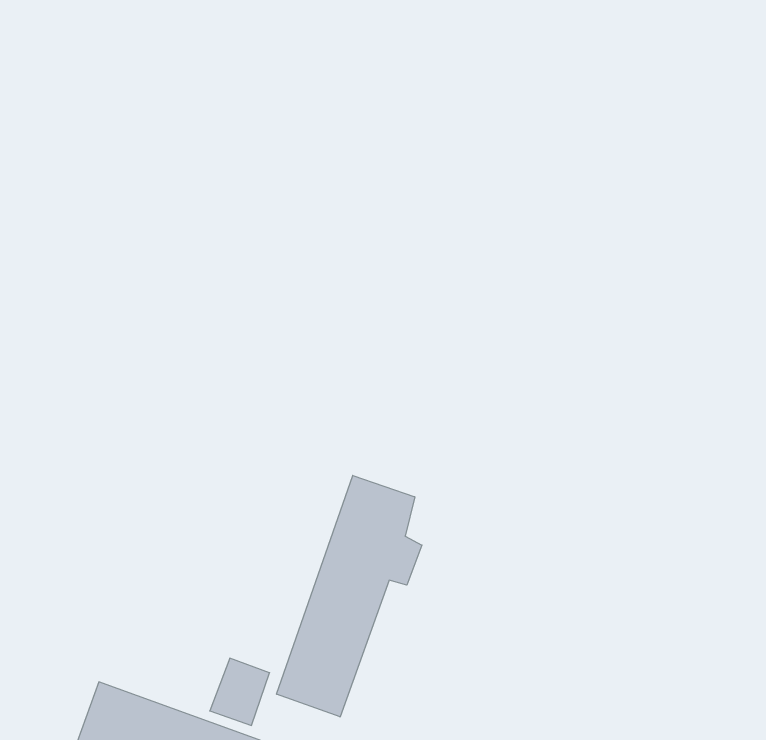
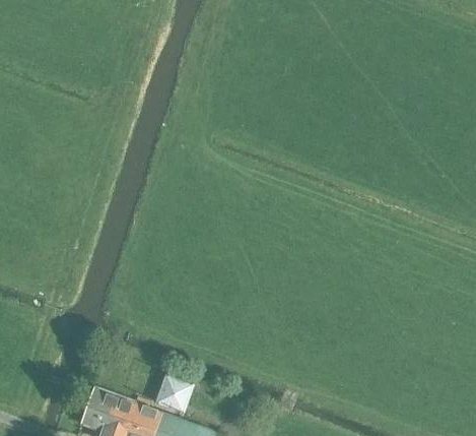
building: [277,475,422,717] -> none

